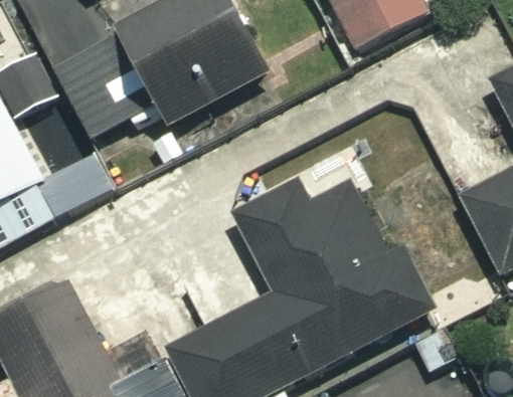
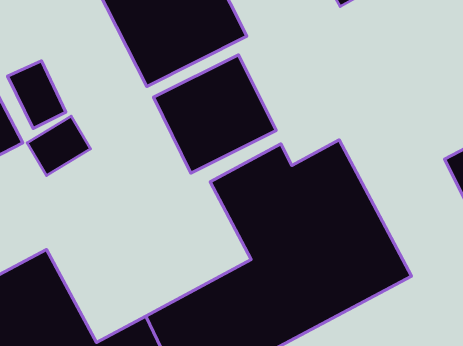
building: none -> [153,55,276,173]

